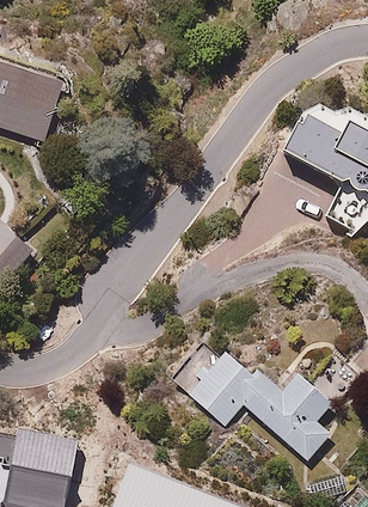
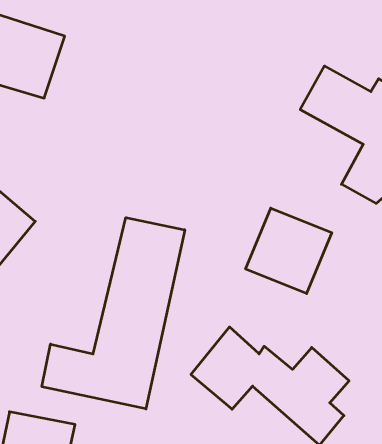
building: none -> [246,208,332,294]
building: none -> [42,218,185,409]

